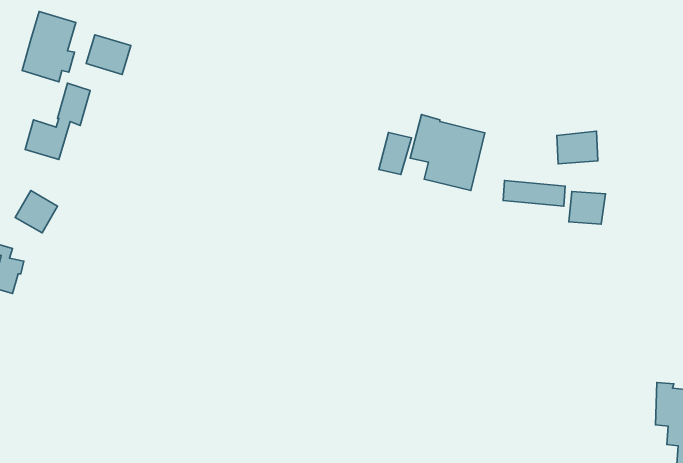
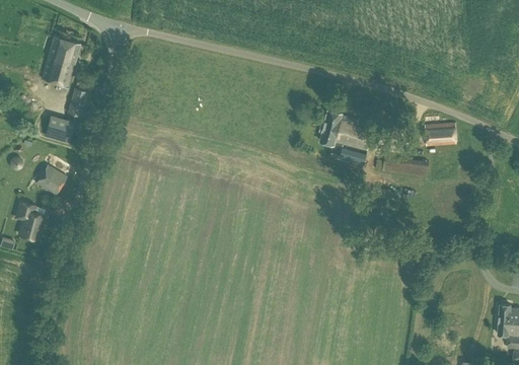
building: [86,35,131,74] -> none
building: [379,133,412,174] -> none
building: [569,191,606,224] -> none

